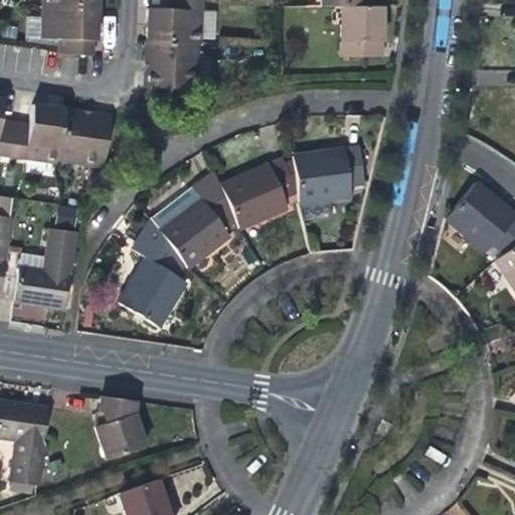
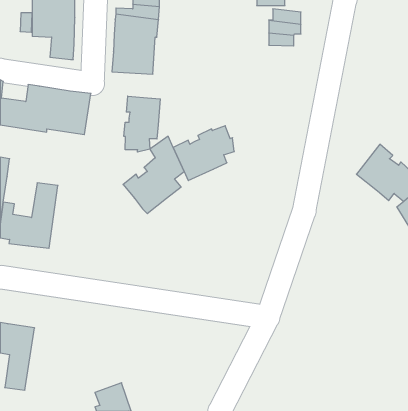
building: none -> [124,96,160,152]
building: [292,146,364,199] -> none
building: [120,242,186,324] -> none
building: [94,396,144,458] -> none

